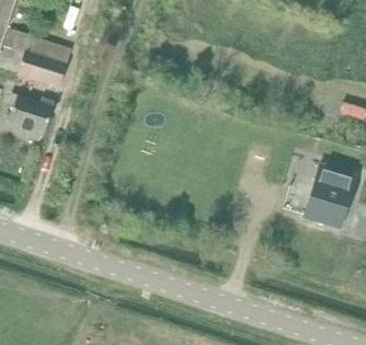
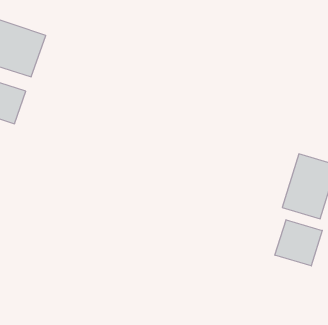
building: none -> [275,220,322,266]

